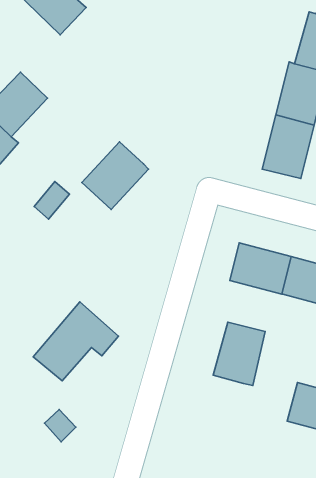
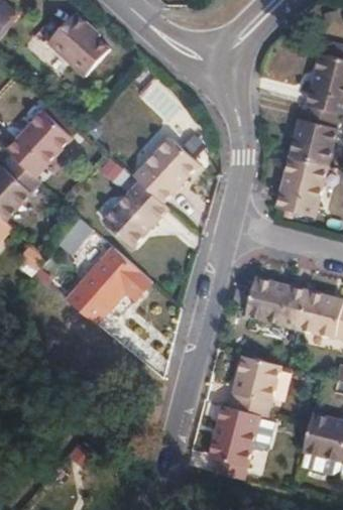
building: none -> [133,137,197,202]
building: [33,302,119,381] -> [67,247,149,324]
building: none -> [209,404,258,467]

